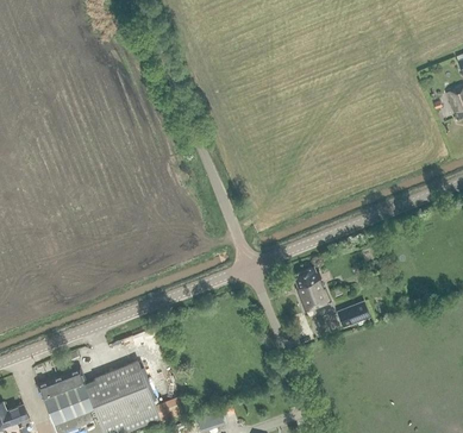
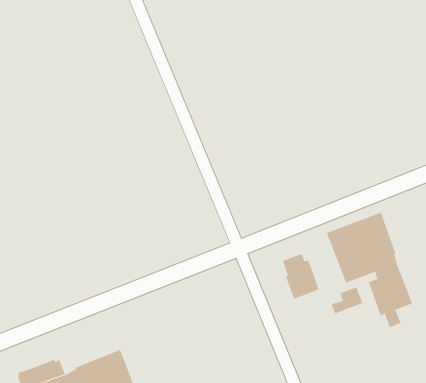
building: none -> [326,212,413,328]

